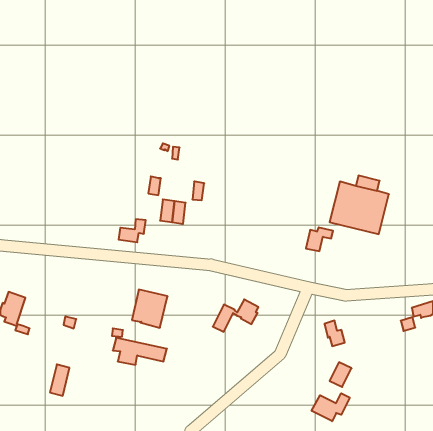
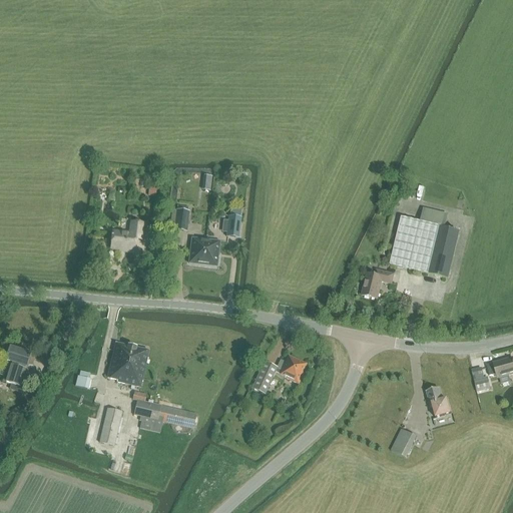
building: [119,219,146,242] -> [112,220,144,247]
building: [132,290,168,328] -> [107,341,149,386]
building: [324,321,345,346] -> [427,386,451,416]
building: [50,364,69,396] -> [99,407,122,444]
building: [312,393,350,421] -> none

